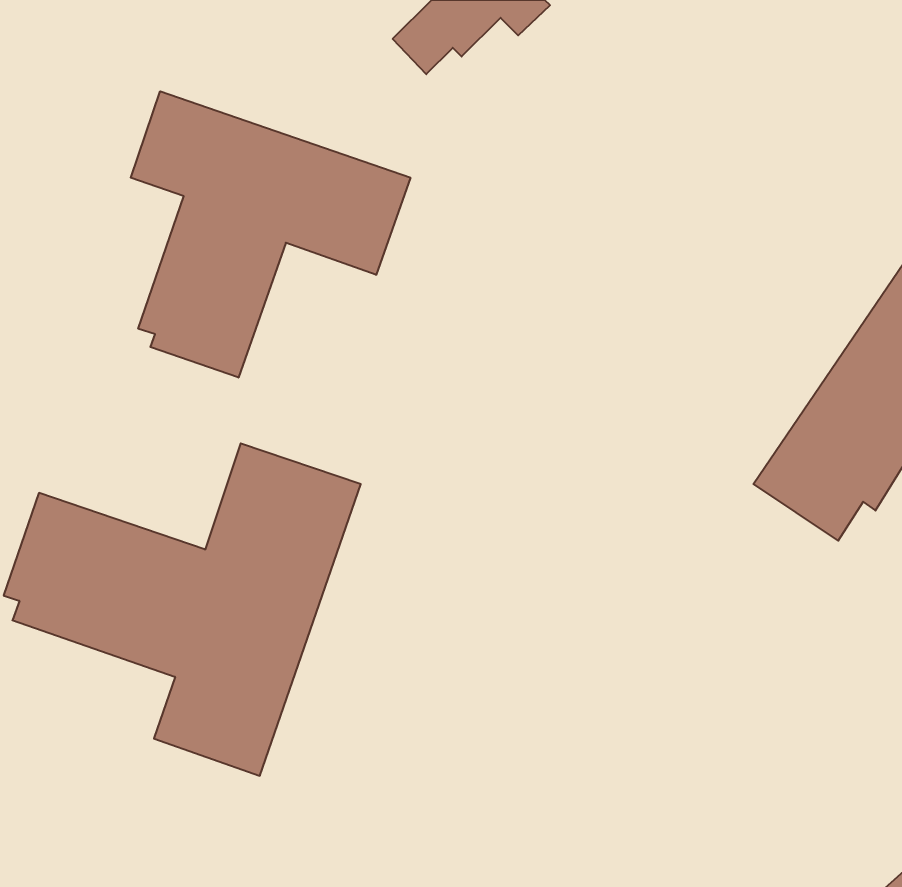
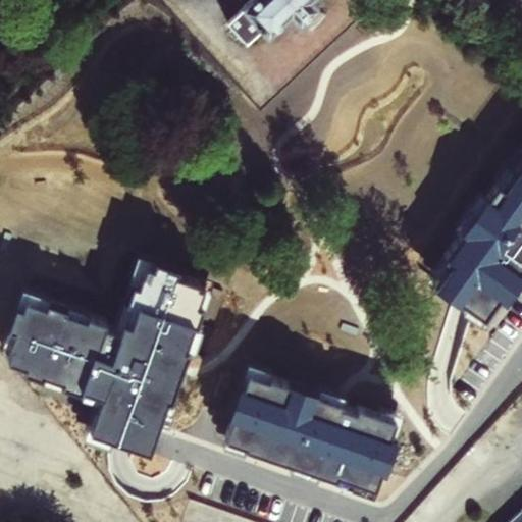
building: [131,91,410,378] -> none
building: none -> [226,370,401,489]

